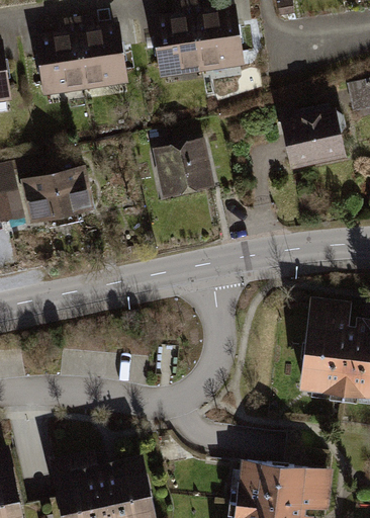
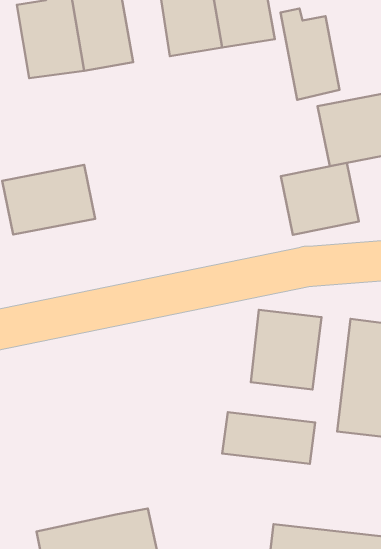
building: none -> [281,9,340,100]
building: [153,140,217,199] -> [281,163,359,235]
building: none -> [251,310,321,390]
building: none -> [222,412,315,464]

